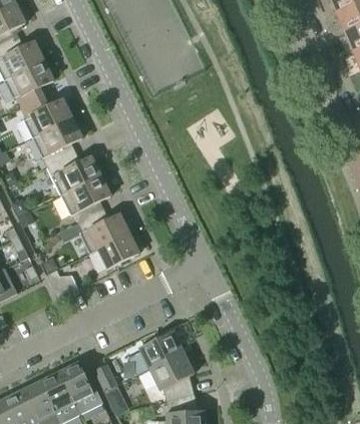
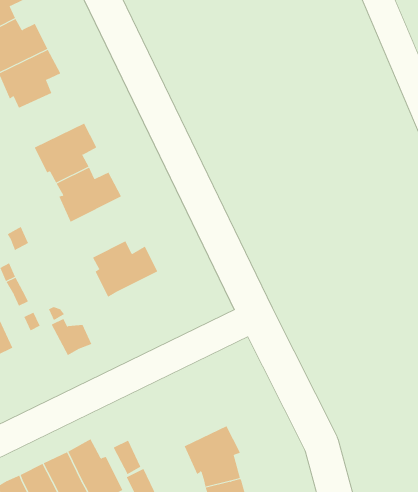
building: [21,95,72,137] -> none
building: [61,175,110,223] -> none
building: [97,234,139,269] -> none
building: [127,332,183,376] -> none

